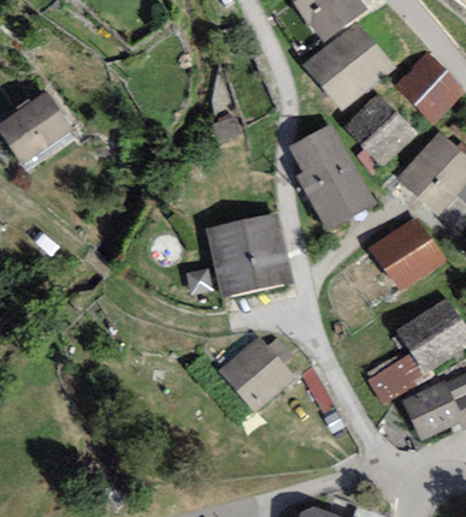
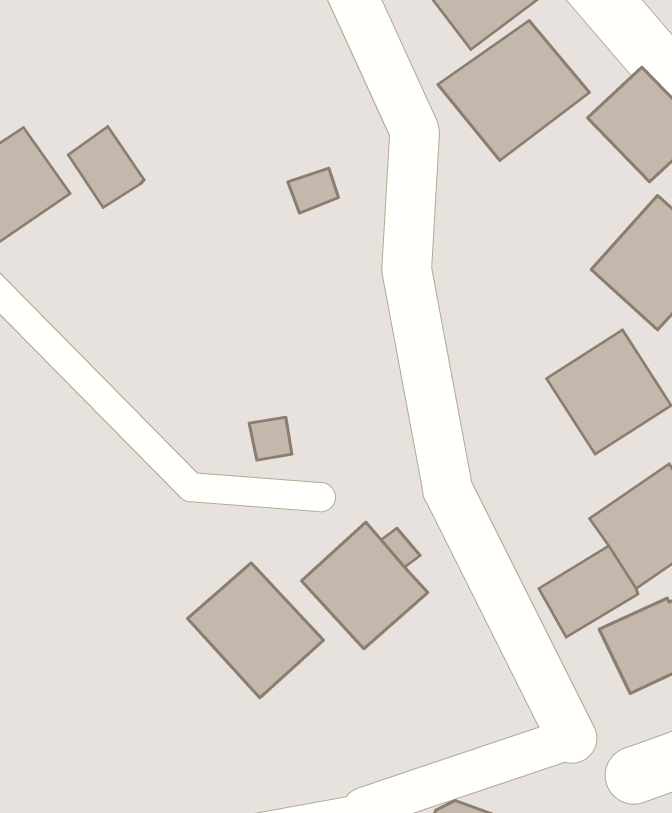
building: none -> [68,127,144,208]
building: [344,93,418,166] -> none
building: [288,123,377,232] -> none
building: [207,213,293,296] -> none
building: none -> [188,563,324,698]

